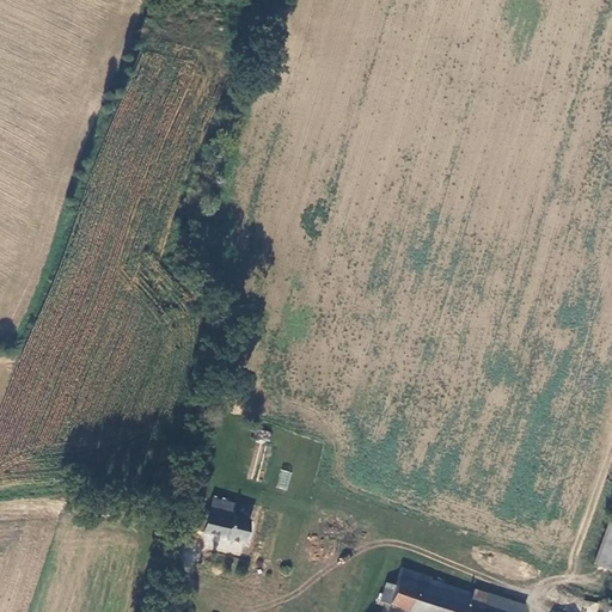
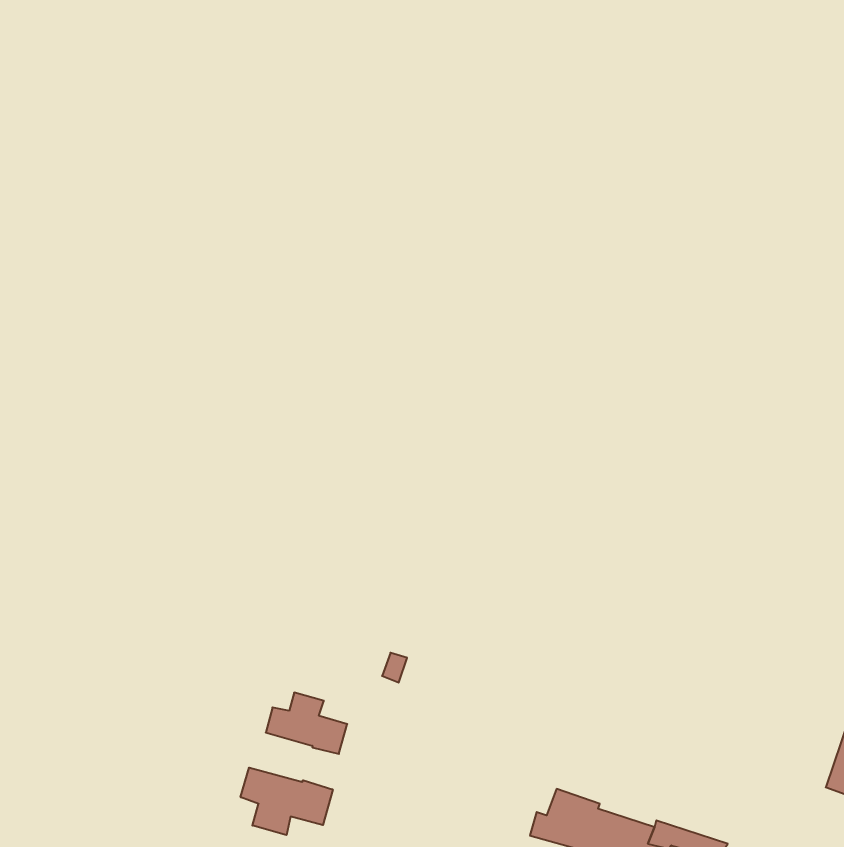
building: none -> [241,768,333,835]

